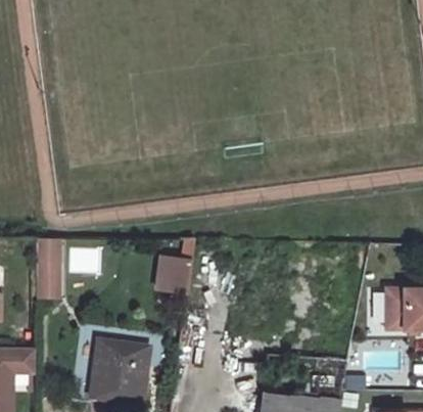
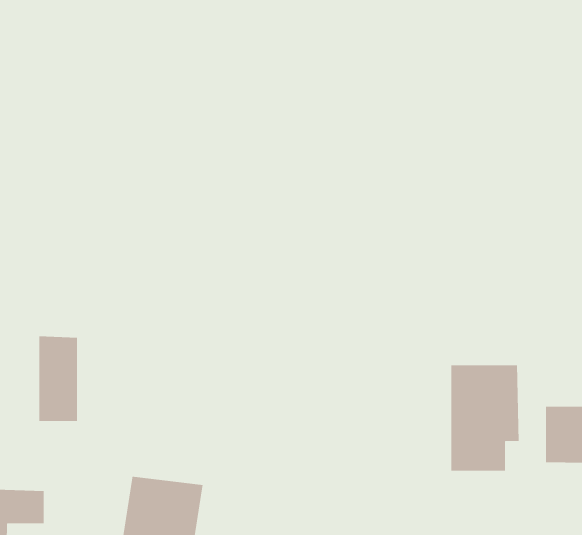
building: [152,254,192,295] -> none
building: none -> [451,365,520,471]

